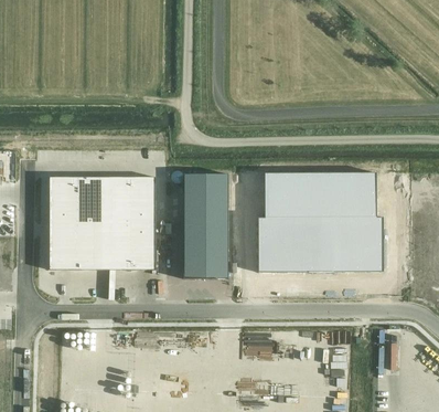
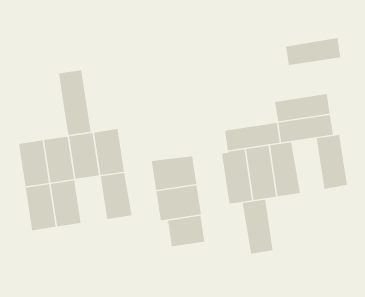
building: none -> [58,69,91,136]
building: [183,172,227,215] -> none
building: [264,172,320,194] -> [285,37,341,66]
building: [332,216,357,272] -> [242,199,274,254]
building: [101,222,128,268] -> none
building: none -> [167,215,205,247]

